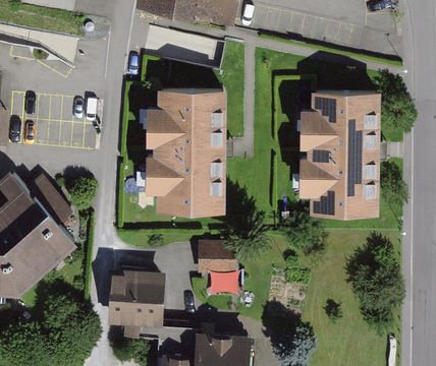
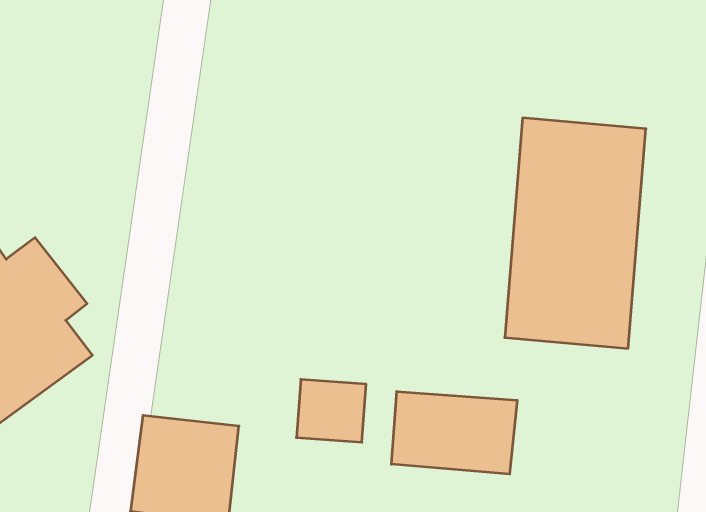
building: [149,86,219,208] -> none
building: none -> [391,391,517,474]

